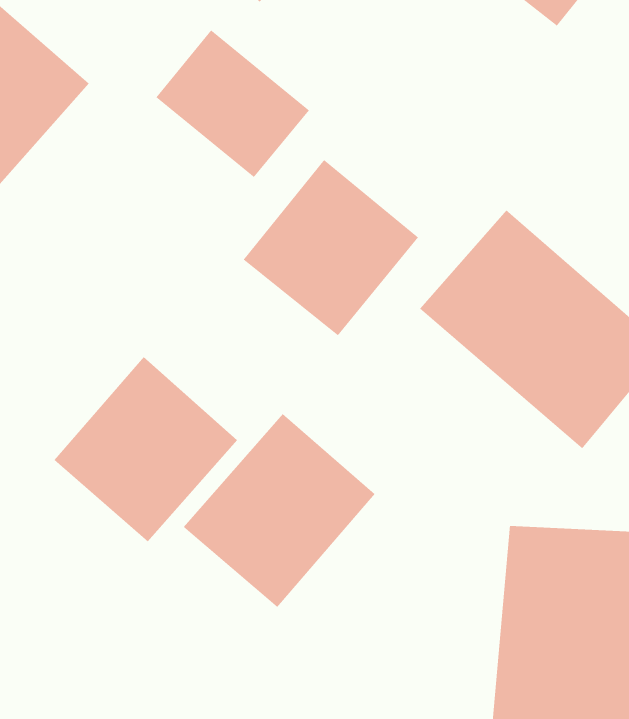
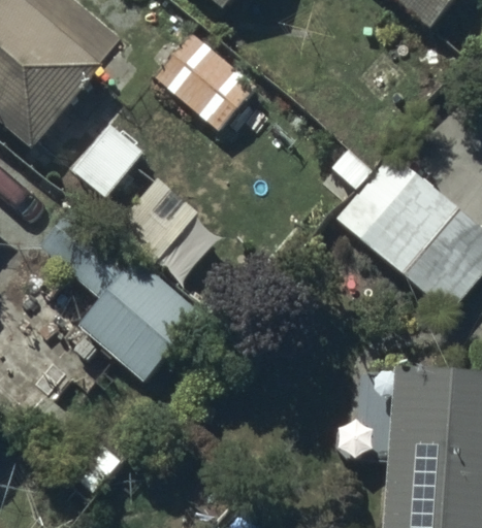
building: [243,159,419,336] -> none
building: [183,413,375,608] -> none

